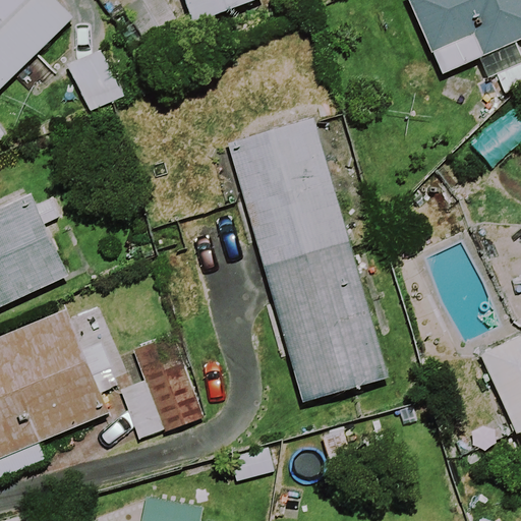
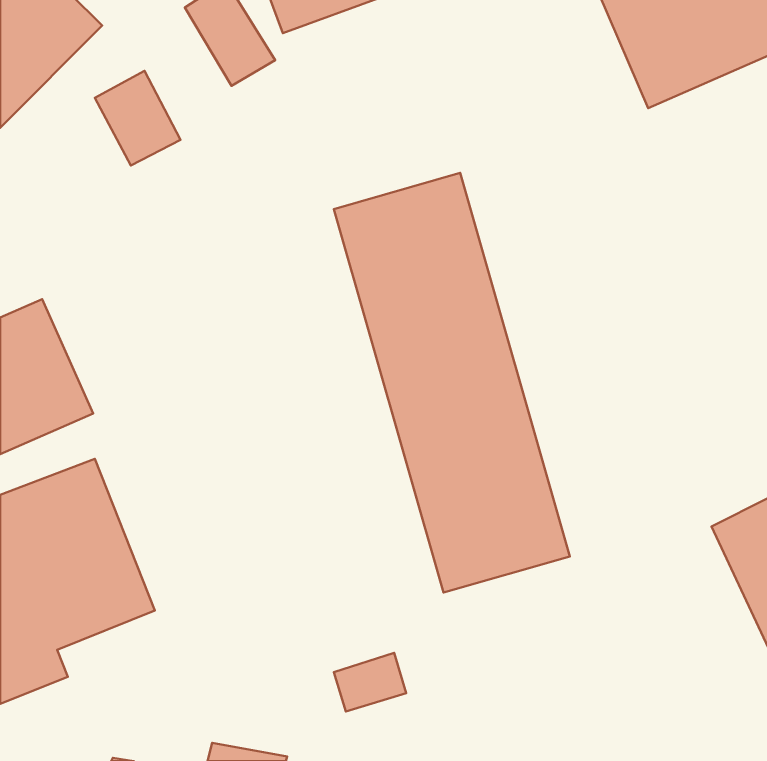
building: [120,335,199,439] -> none

